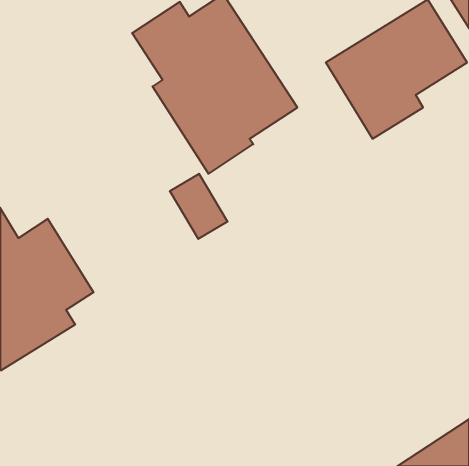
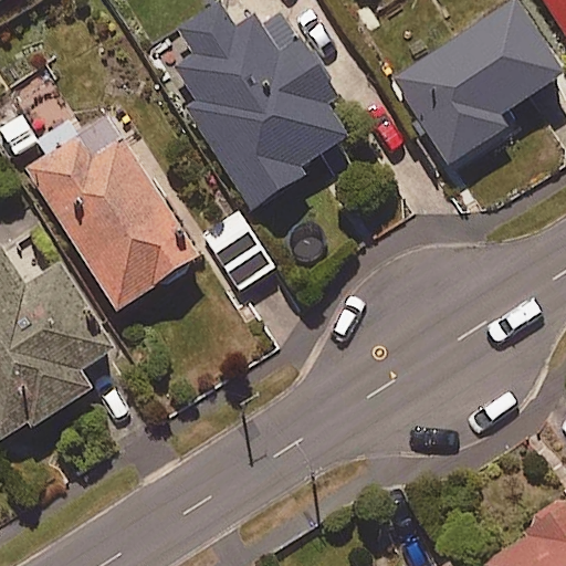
building: none -> [25,115,197,310]

